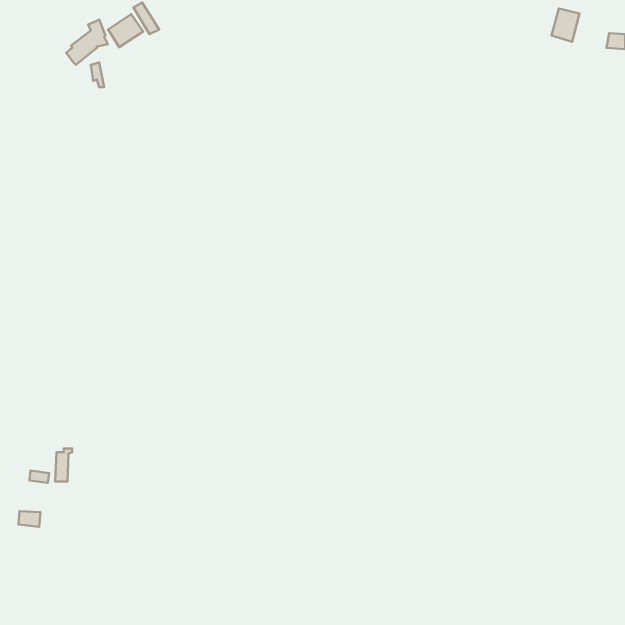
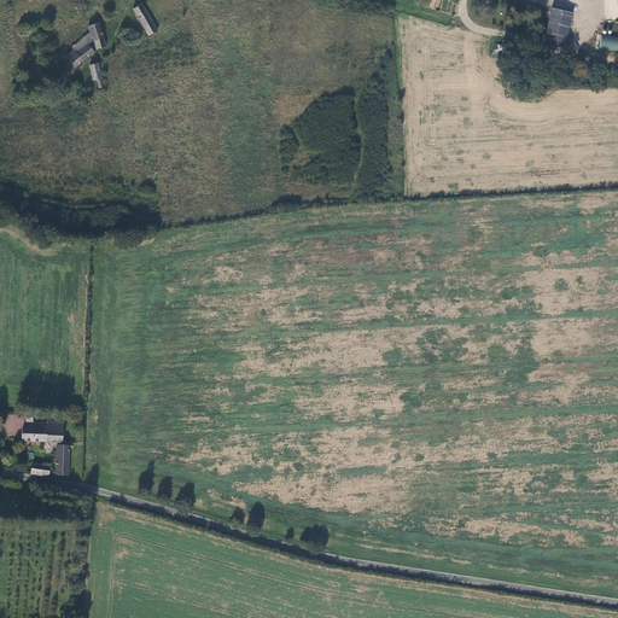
building: [108,14,143,47] -> none
building: none -> [19,420,62,442]

